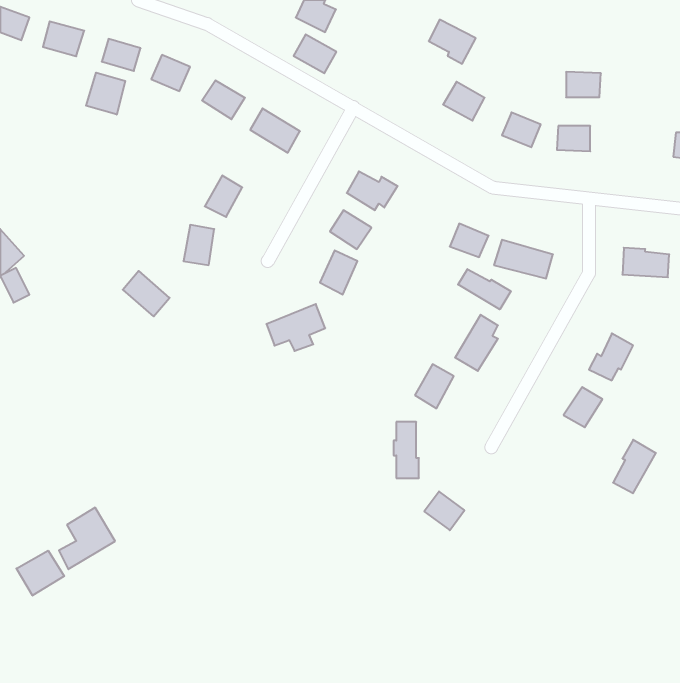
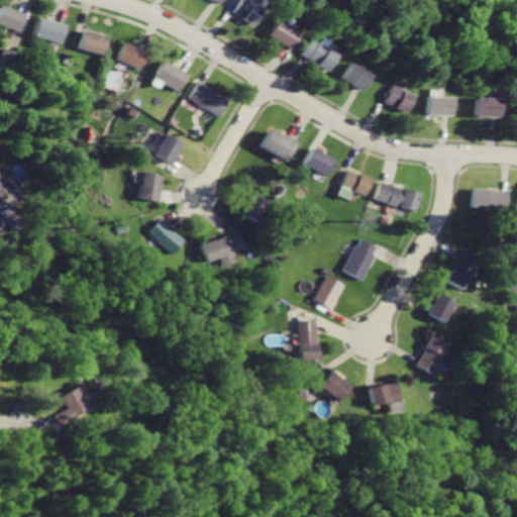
building: [429,20,476,64] -> [299,39,334,73]
building: [294,34,336,73] -> [263,19,295,48]
building: [566,72,601,97] -> [470,96,496,115]
building: [86,73,125,115] -> none
building: [330,210,371,249] -> [304,147,335,177]
building: [458,269,511,309] -> none
building: [123,271,170,316] -> [151,219,187,253]
building: [613,440,656,493] -> [417,333,449,374]
building: none -> [371,381,402,406]
building: [16,551,64,596] -> none

